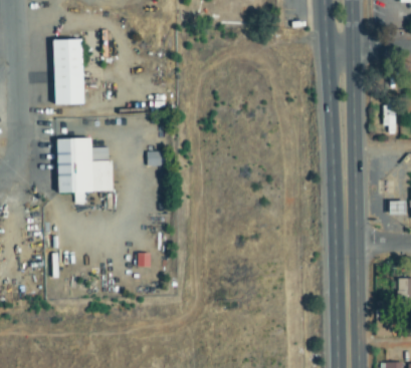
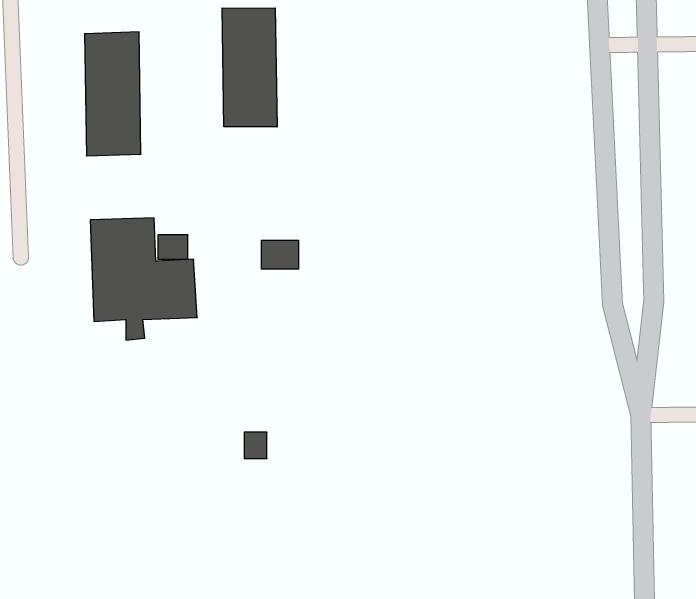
building: none -> [222,8,277,127]

